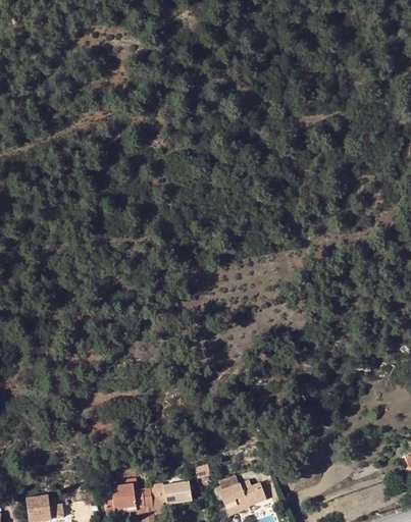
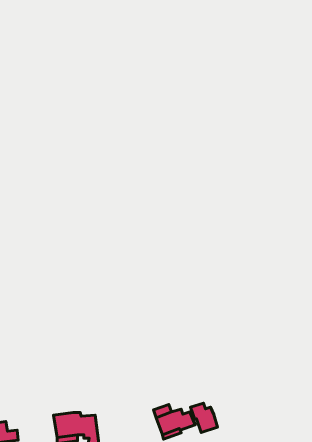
building: none -> [190,403,217,433]
building: [163,482,192,505] -> none

